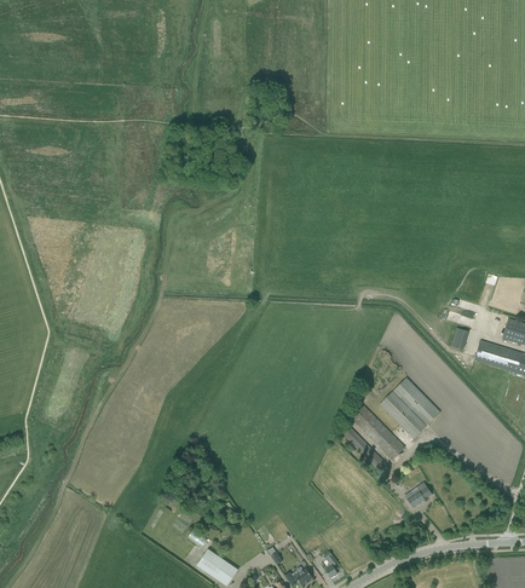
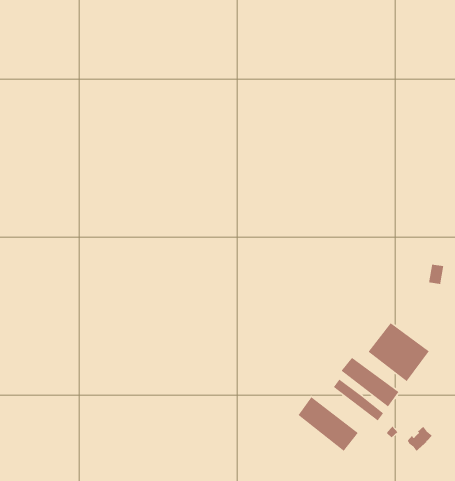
building: none -> [297,396,359,452]

